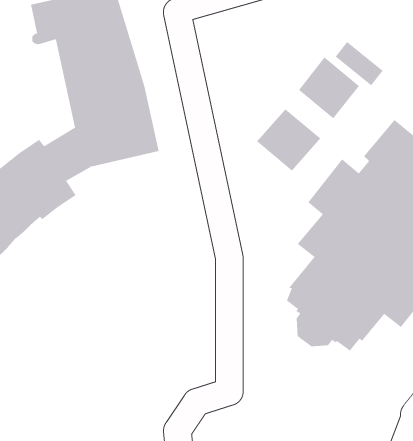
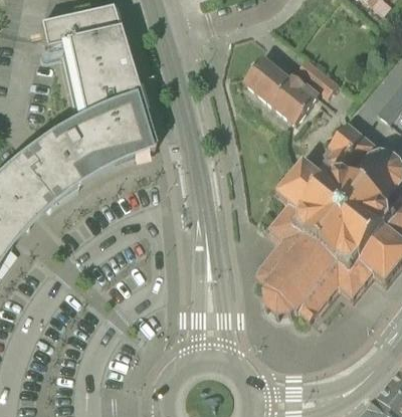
building: none -> [245,57,284,97]
building: [256,108,321,171] -> none

